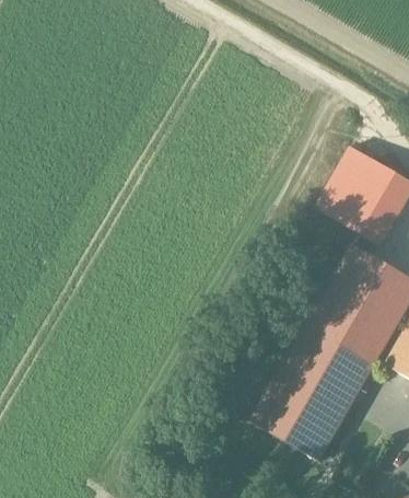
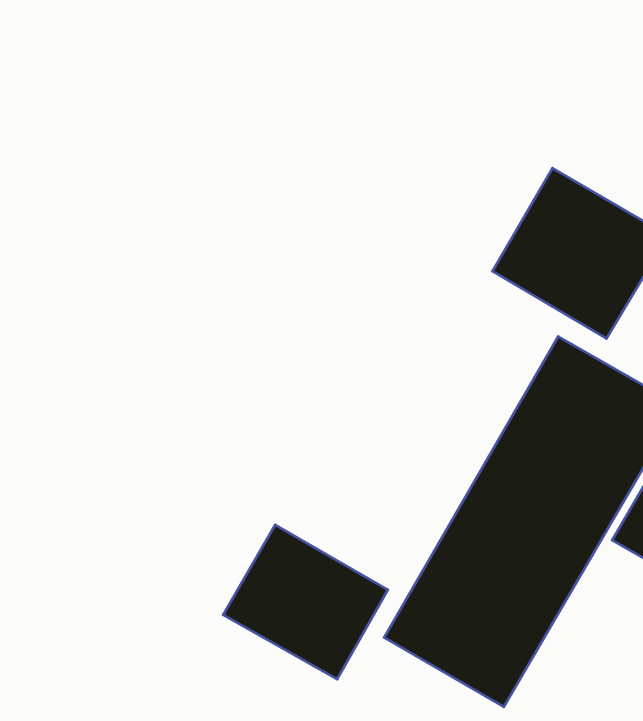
building: none -> [223,525,388,679]

